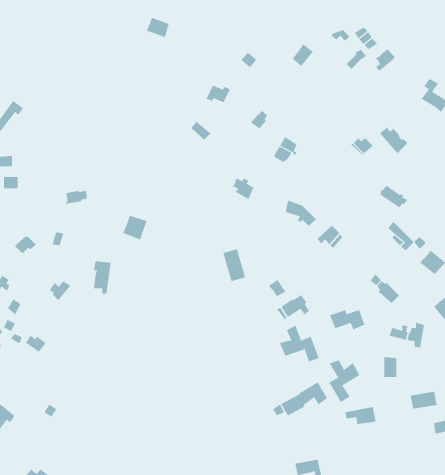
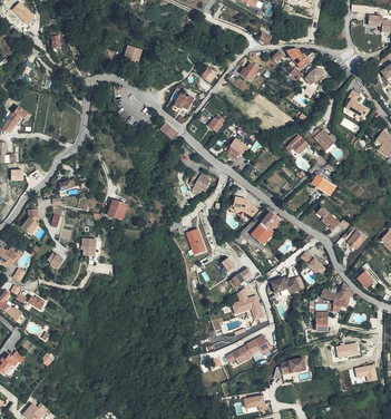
building: [328,359,360,403] -> none

